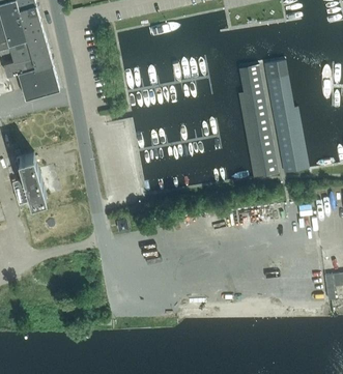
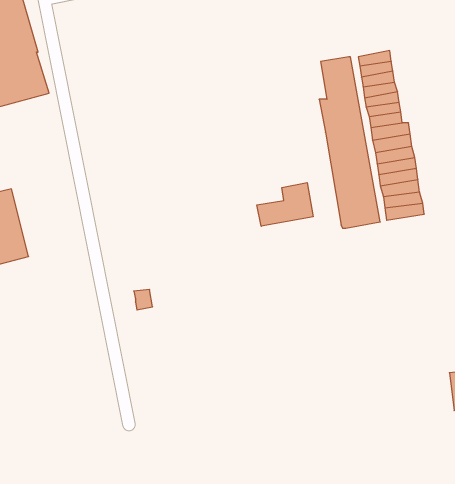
building: none -> [257,183,313,226]

